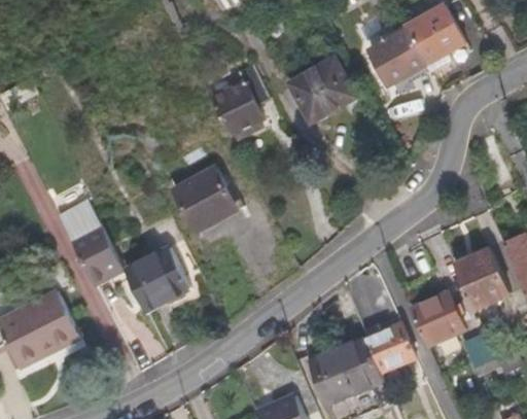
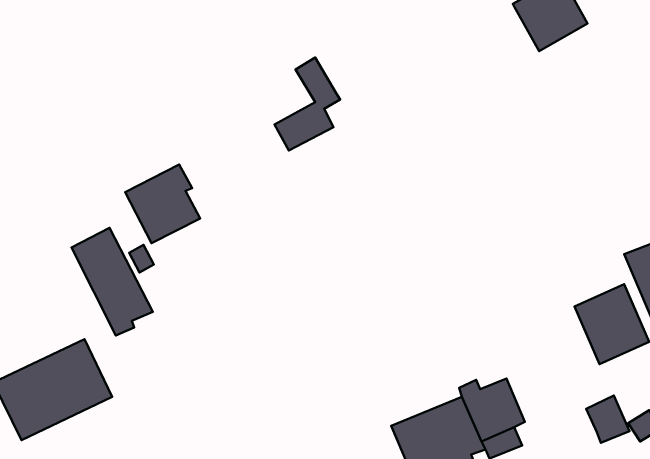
building: [370,28,426,84] -> none
building: [286,59,348,124] -> none
building: [174,171,233,233] -> [125,165,200,243]
building: [125,248,189,312] -> none
building: [411,290,465,343] -> none

